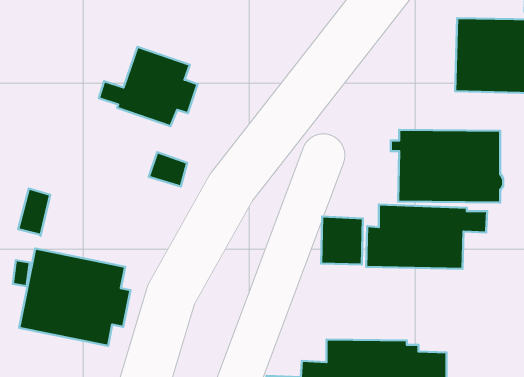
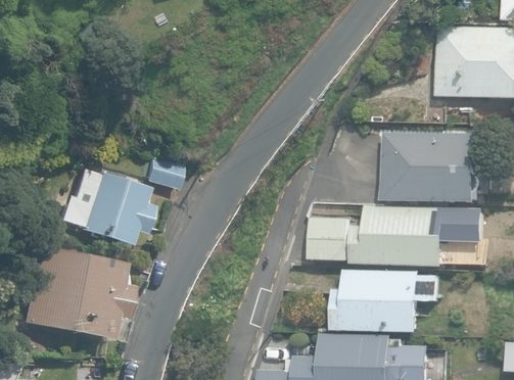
building: [99,47,197,126] -> [57,170,151,245]
building: none -> [332,269,438,332]

